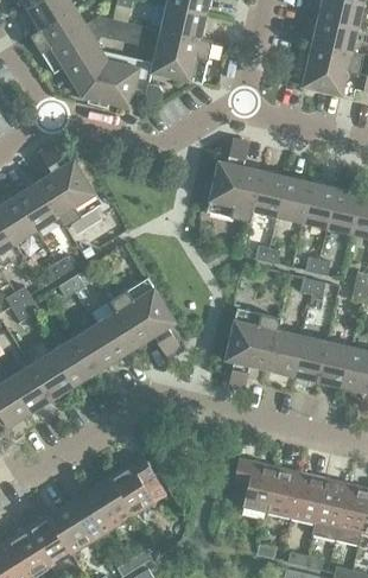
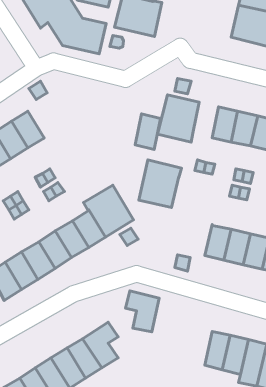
building: [37,159,101,227] -> none
building: [252,170,285,216] -> [135,114,161,150]
building: [224,307,280,369] -> [139,160,182,207]
building: [233,458,277,512] -> [125,291,159,332]

